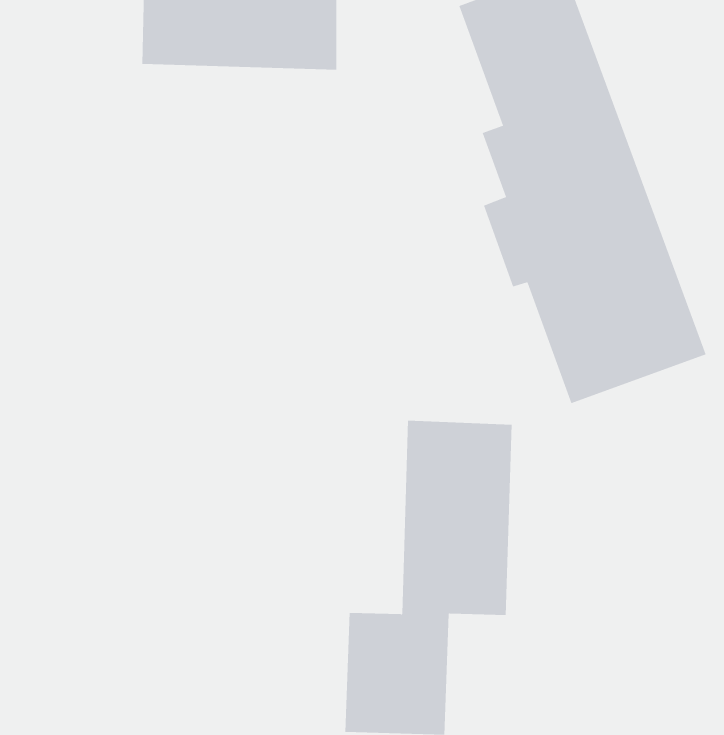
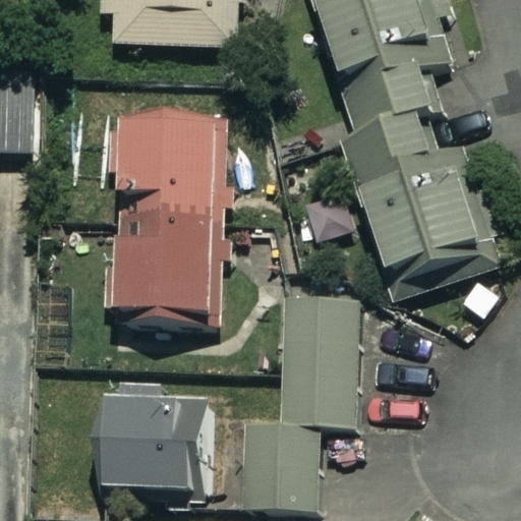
building: none -> [119,122,221,322]
building: none -> [105,390,206,494]

